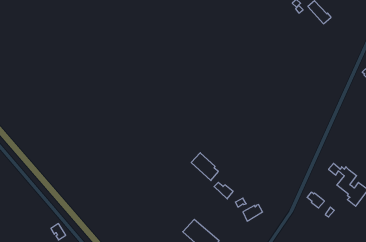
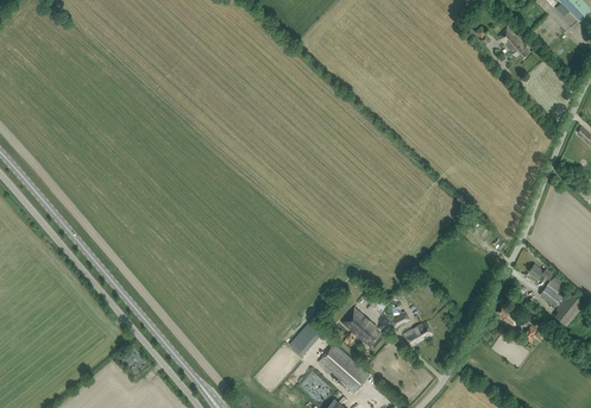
building: [191,153,218,181] -> [340,307,379,347]
building: none -> [288,322,321,356]

